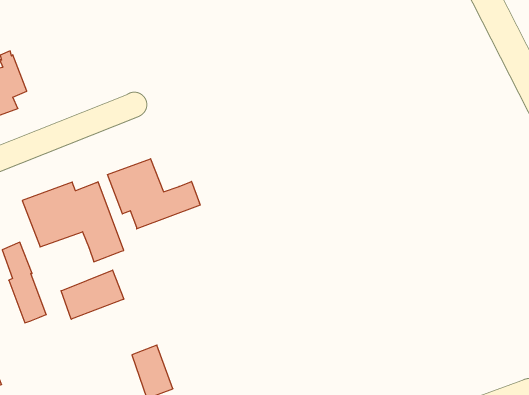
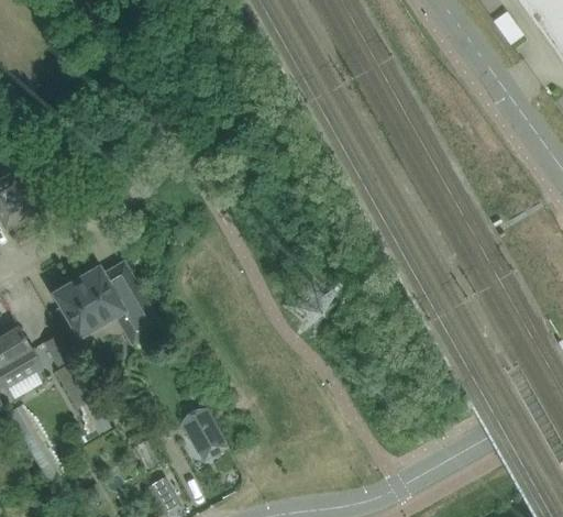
building: [107,159,200,229] -> none
building: [61,270,124,319] -> none

